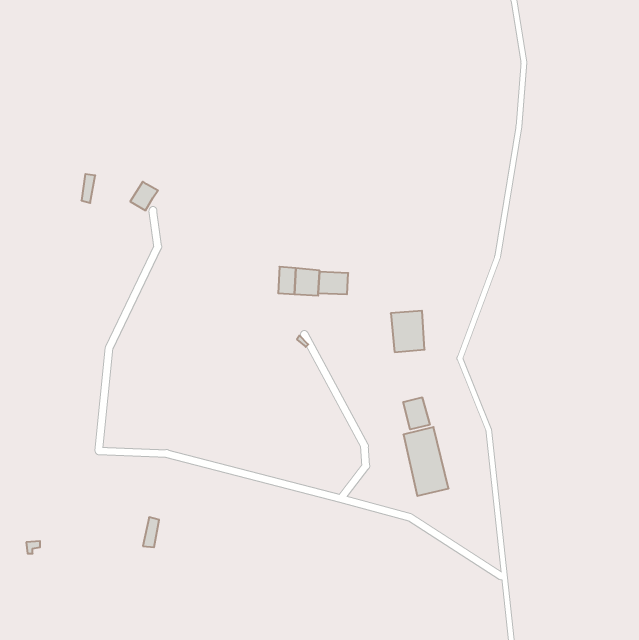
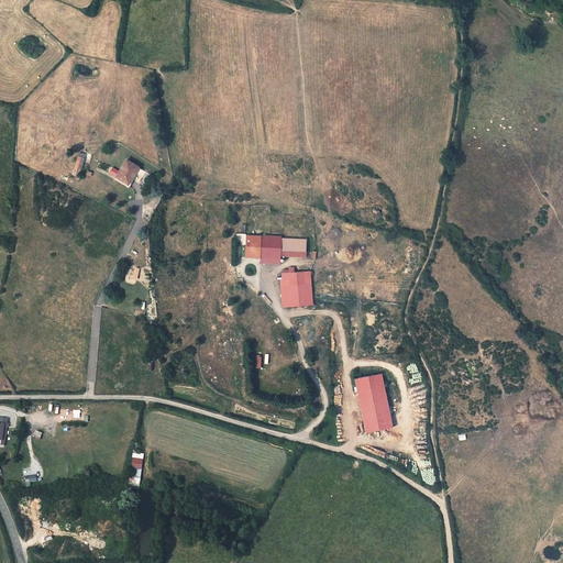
building: [391,311,425,352] -> [282,272,311,308]
building: [403,397,430,429] -> none

